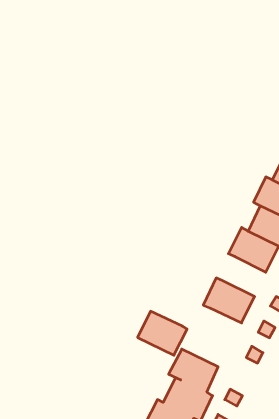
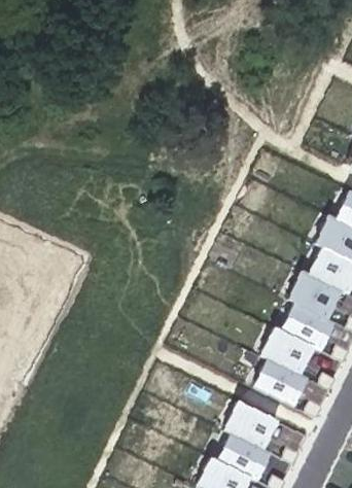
building: none -> [282,303,337,350]
building: [138,311,187,355] -> [253,359,308,408]

